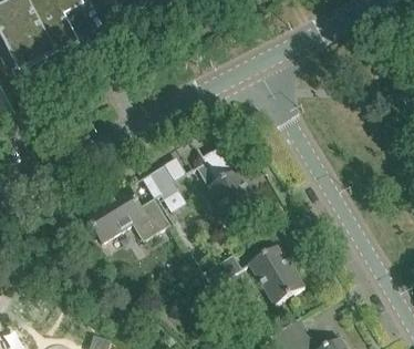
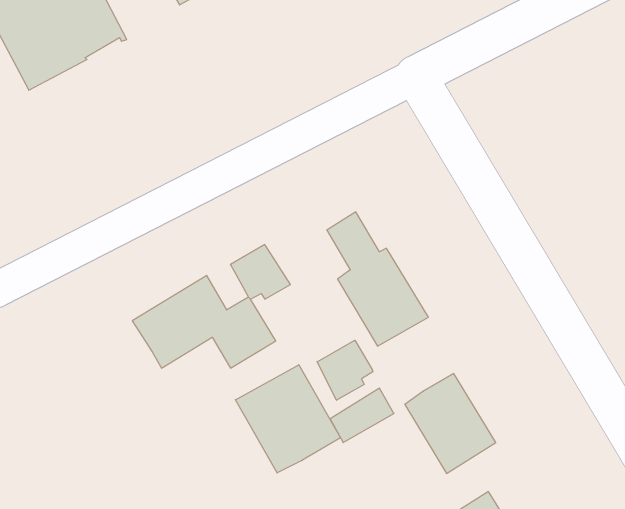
building: none -> [317,340,373,400]
building: none -> [235,365,341,473]

